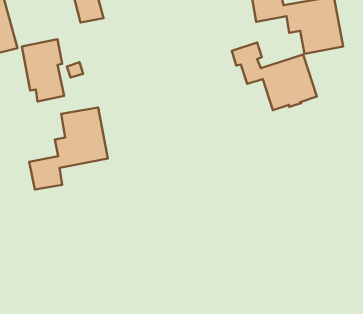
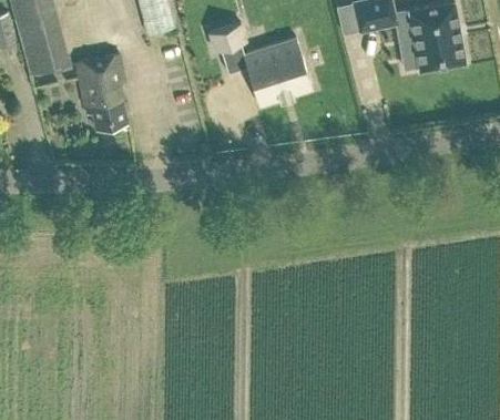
building: [232,43,317,110] -> [208,23,312,105]
building: [29,107,108,189] -> none

